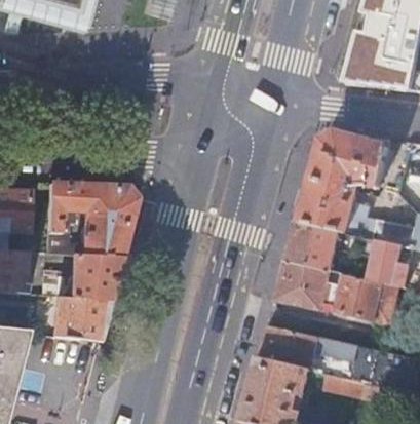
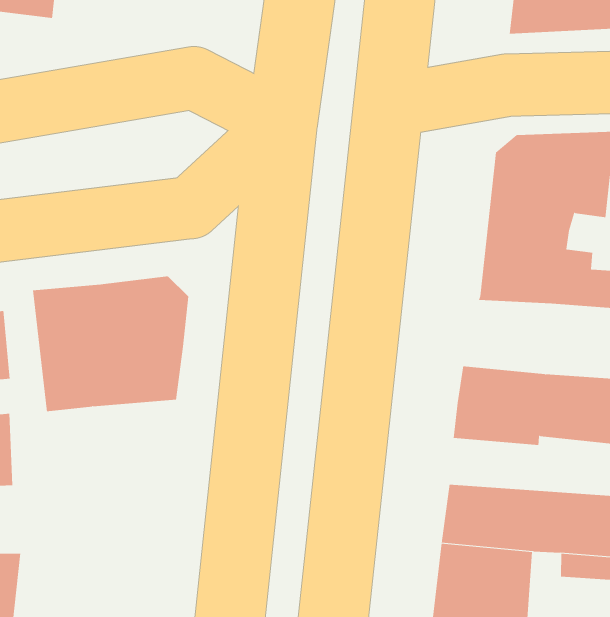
building: [284,222,340,272] -> none
building: [41,254,120,339] -> none

